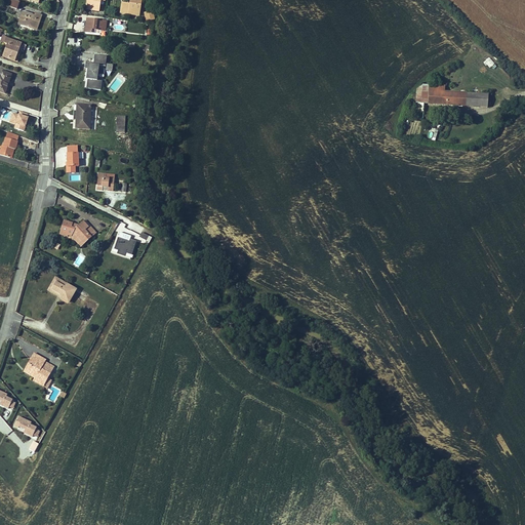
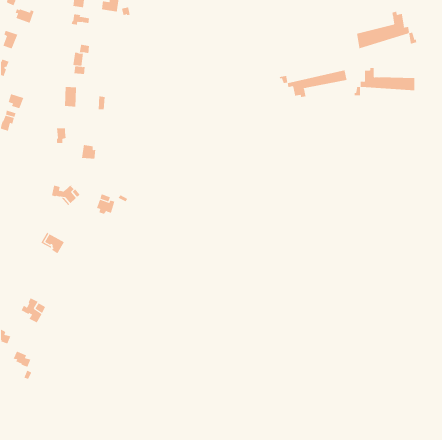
building: none -> [356,11,417,49]
building: none -> [279,70,347,98]

